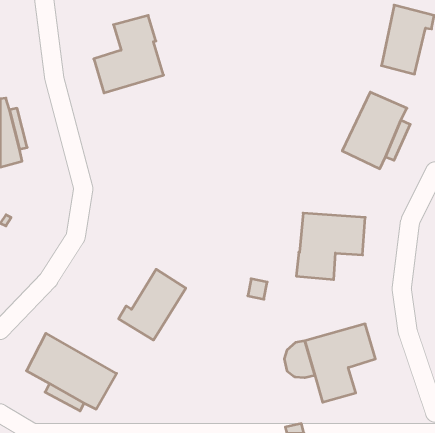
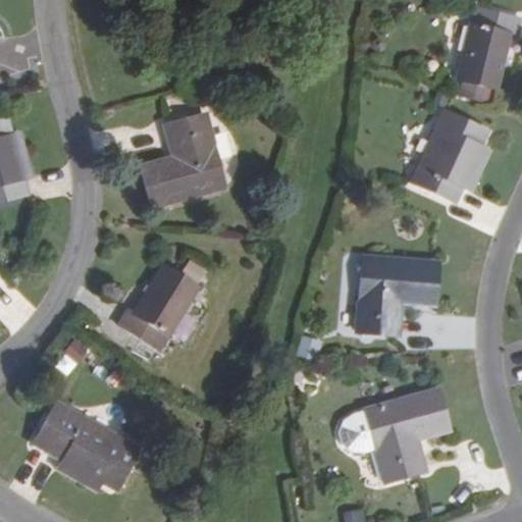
building: [94,15,164,93] -> [141,113,224,206]
building: [119,269,186,340] -> [117,264,198,349]

